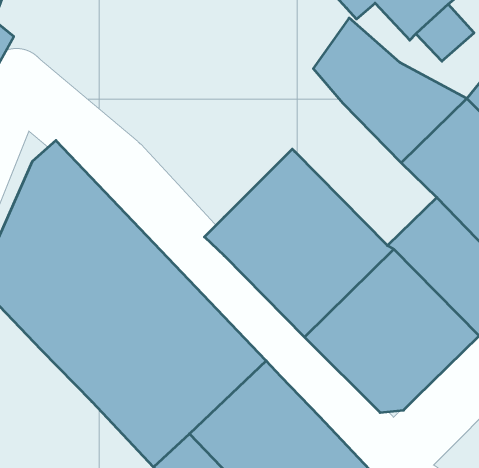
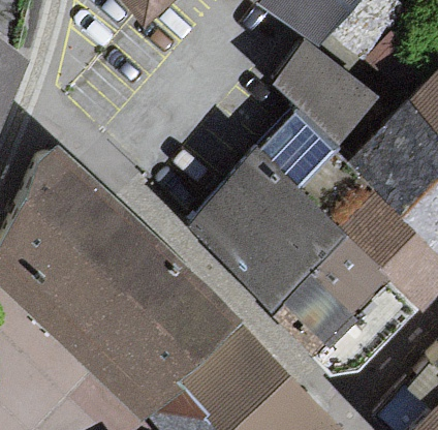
building: none -> [260,111,379,229]

